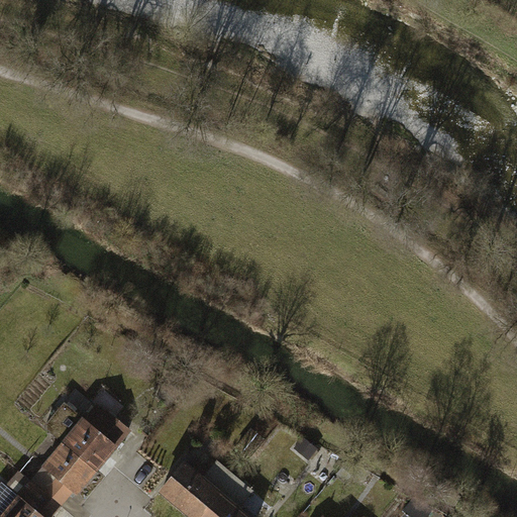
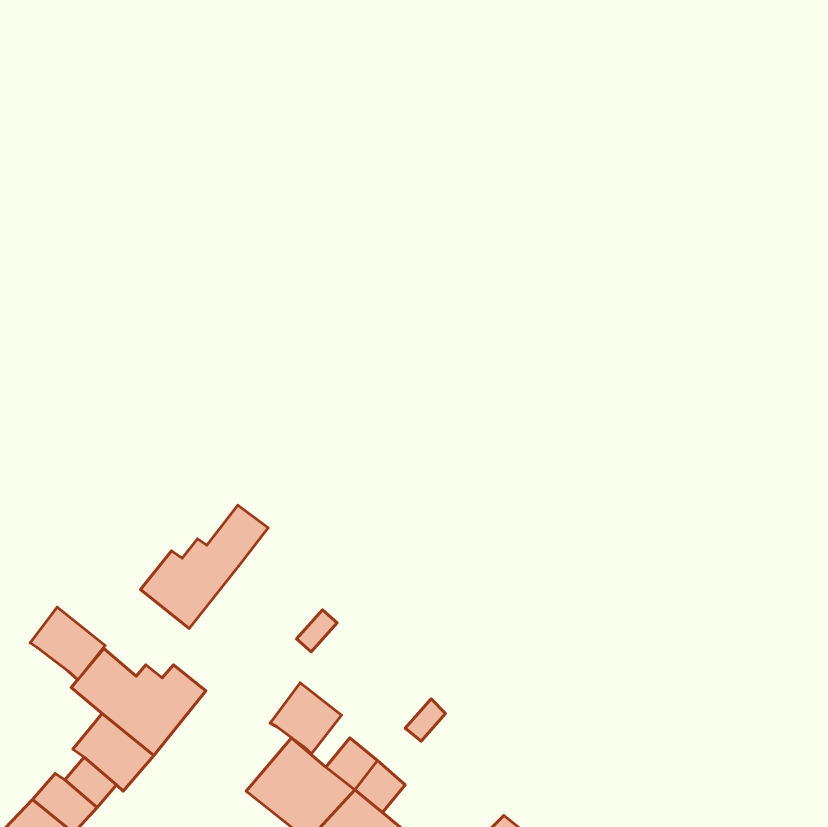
building: none -> [141,505,268,628]
building: none -> [30,607,105,680]
building: none -> [270,683,341,754]

